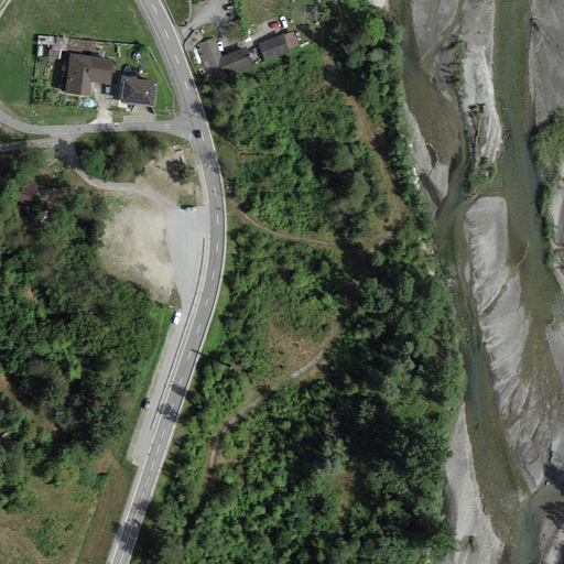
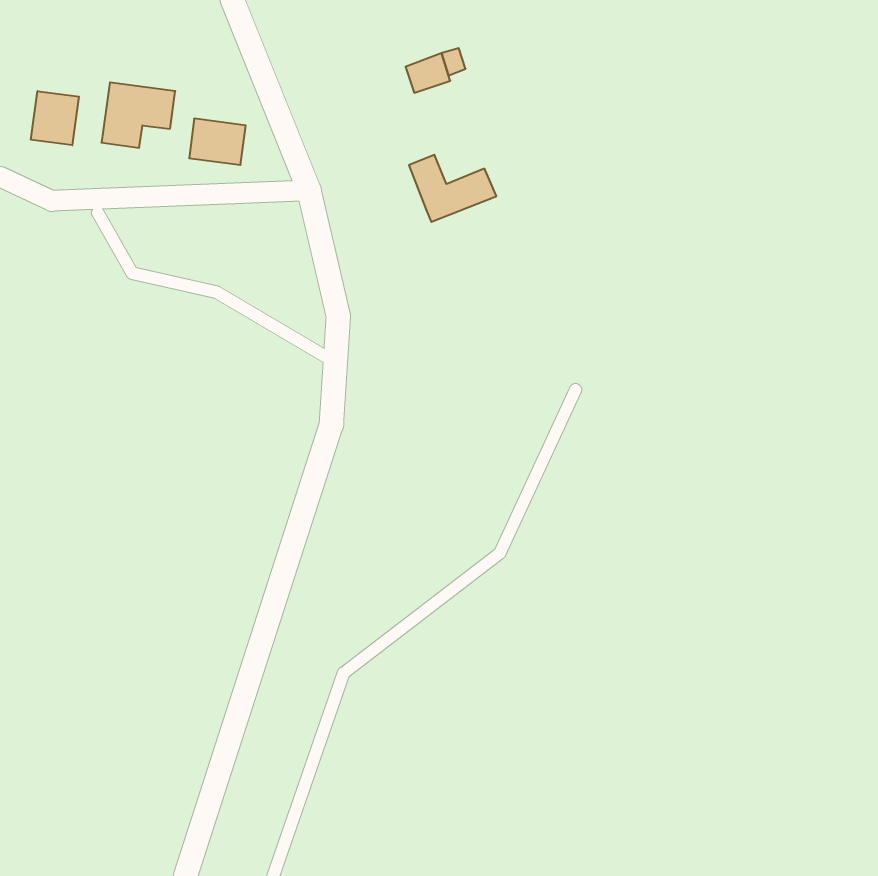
building: [197,37,253,80] -> [409,155,496,222]
building: none -> [31,91,79,145]

